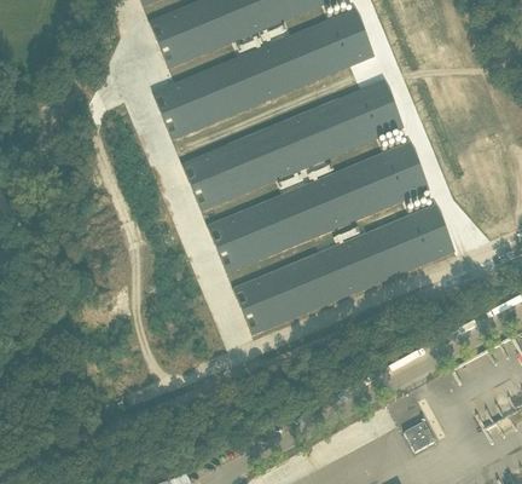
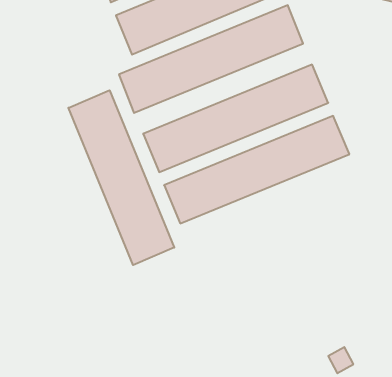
building: none -> [68,90,174,265]
building: [233,204,454,334] -> none

